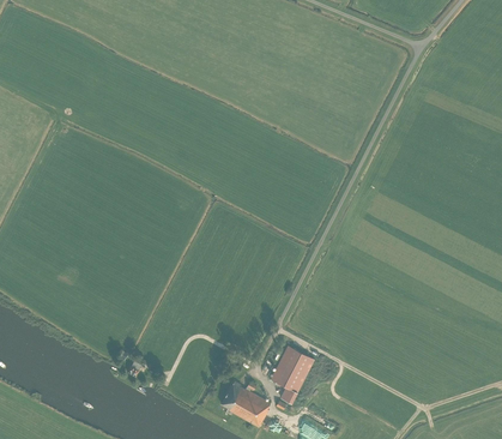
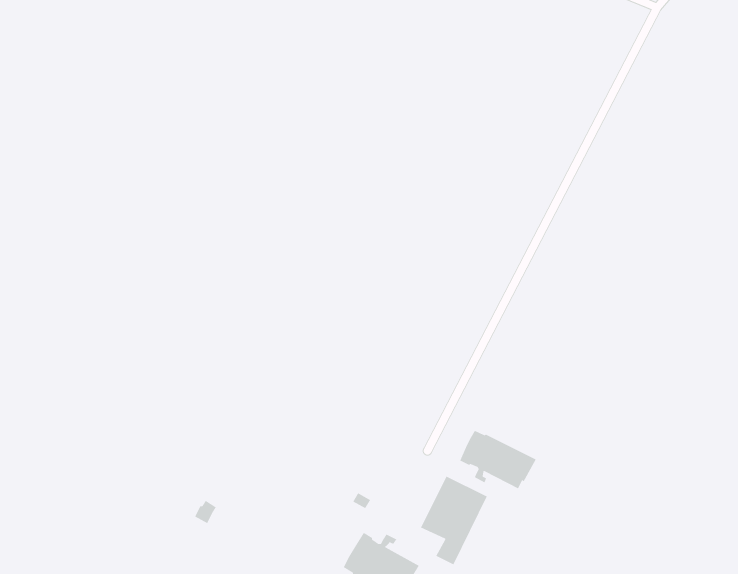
building: none -> [459,430,537,490]

